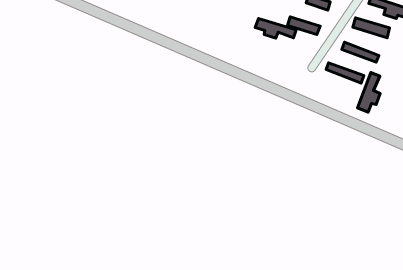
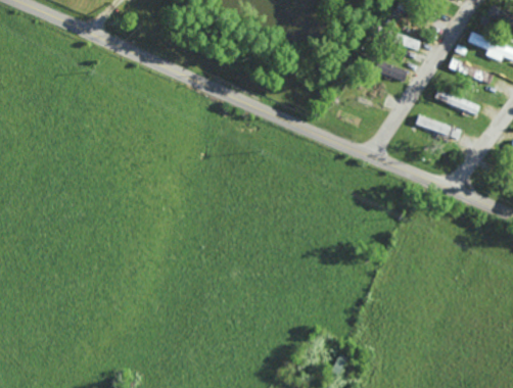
building: [255,18,296,38] -> none
building: [358,73,380,112] -> none

